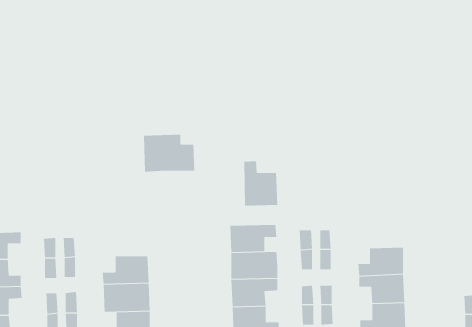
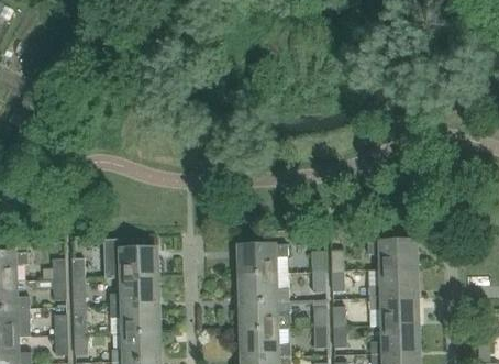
building: [143,134,195,172] -> [106,239,158,277]
building: [244,160,278,206] -> none
building: none -> [368,241,418,268]

